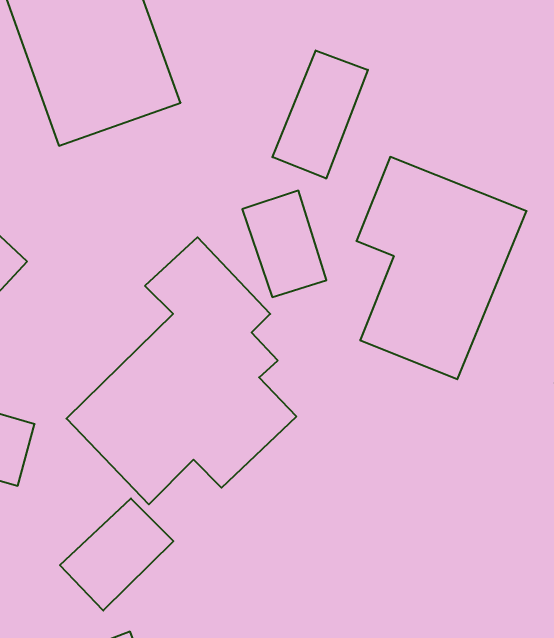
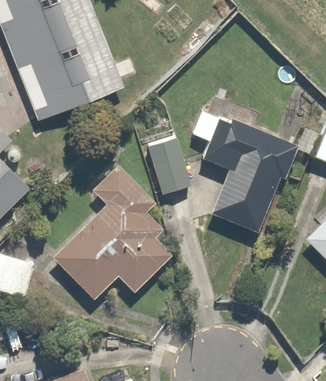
building: [272,50,368,179] -> none
building: [60,498,173,611] -> none

